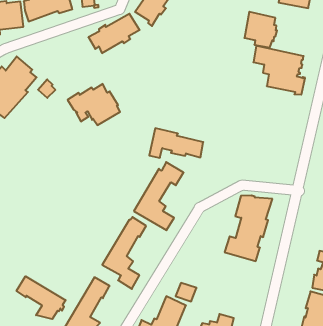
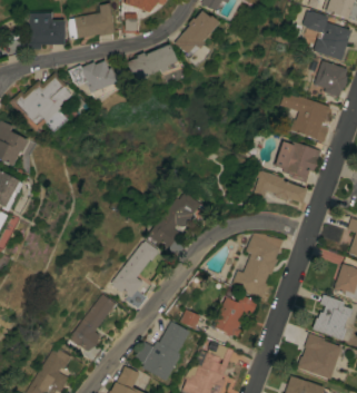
building: [244,12,277,47] -> [316,60,348,97]
building: [68,84,120,125] -> [70,60,119,99]
building: none -> [275,141,321,183]
building: [149,128,203,158] -> [254,170,307,204]
building: none -> [212,294,257,336]
building: [17,276,66,319] -> none

